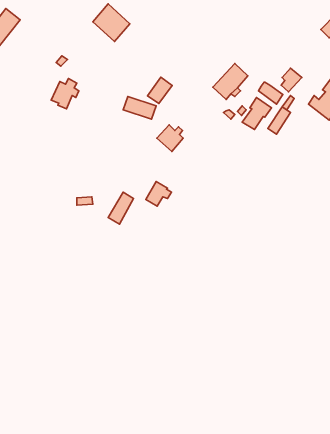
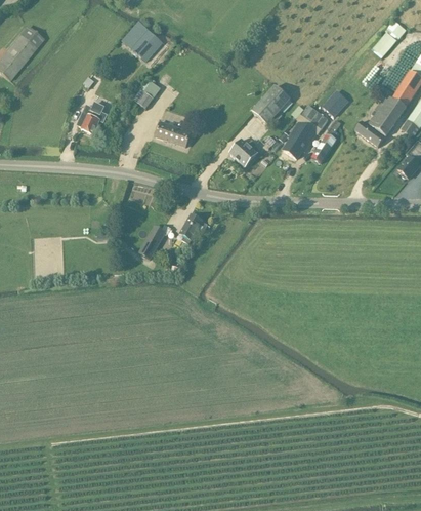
building: [147,77,172,104] -> [134,78,161,107]
building: [157,125,183,151] -> [228,137,257,166]

